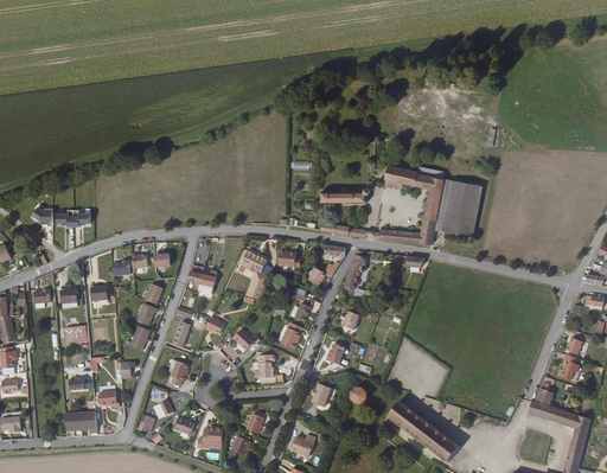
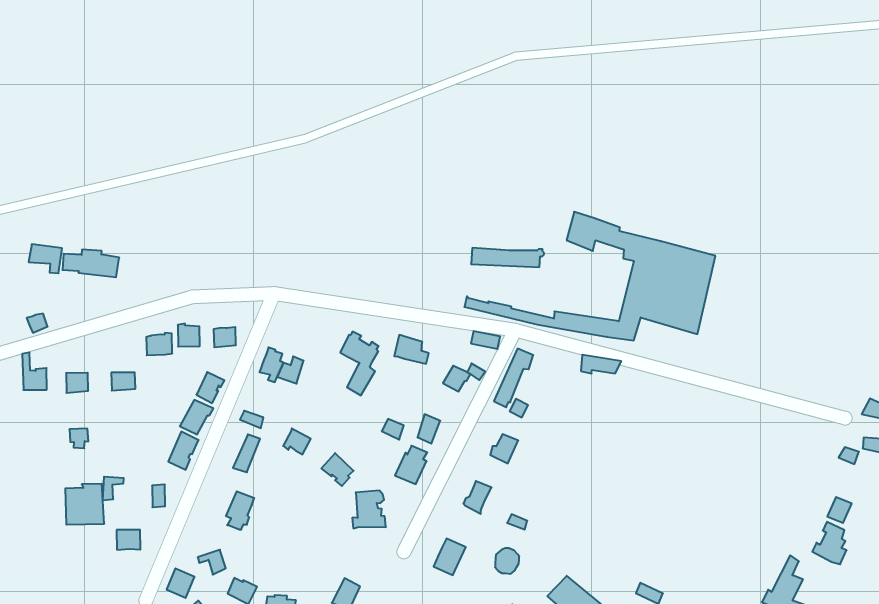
building: [65,411,98,433] -> none

